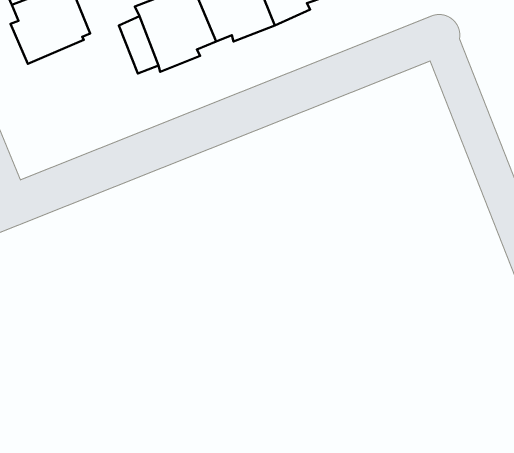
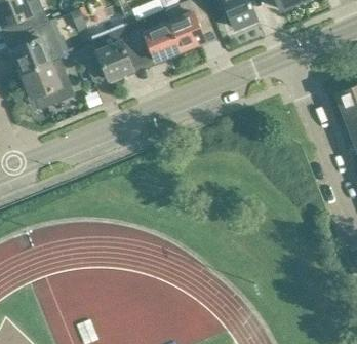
building: none -> [23,60,73,108]

